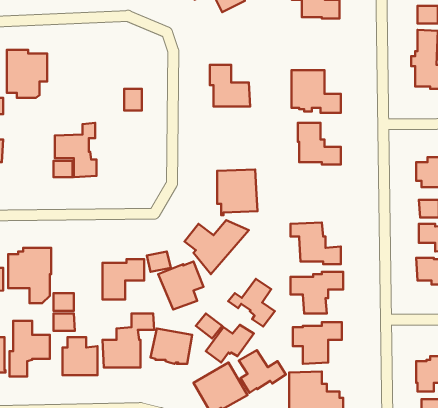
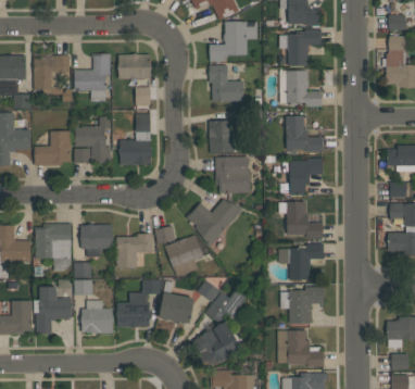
building: none -> [209,21,257,61]
building: none -> [279,29,322,65]
building: none -> [74,53,110,101]
building: none -> [117,53,150,78]
building: none -> [118,113,151,164]
building: none -> [209,121,234,152]
building: none -> [34,130,71,165]
building: none -> [289,158,322,196]
building: none -> [80,224,112,256]
building: [228,279,275,327] -> none
building: [239,350,286,393] -> none

